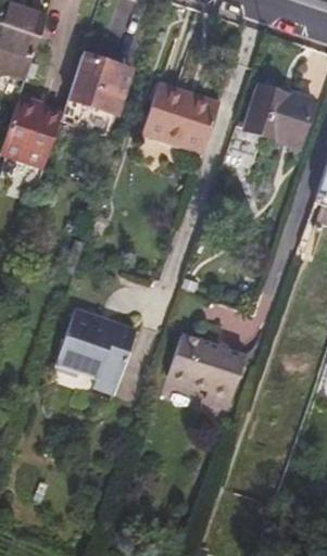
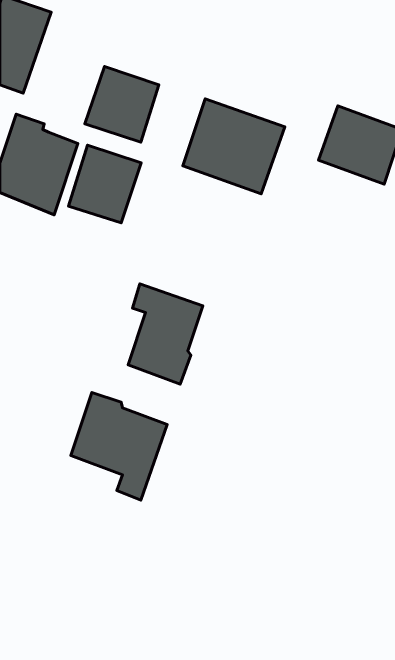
building: none -> [69,145,141,223]
building: none -> [128,284,203,384]
building: [169,337,246,410] -> none

